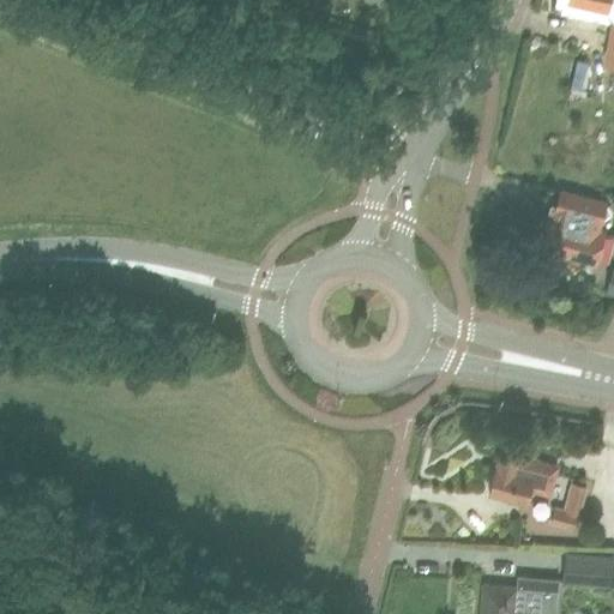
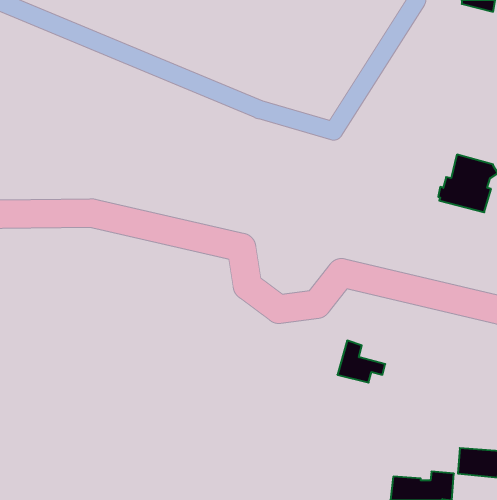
building: [492,446,550,498] -> [337,341,385,383]
building: [553,480,588,526] -> none

